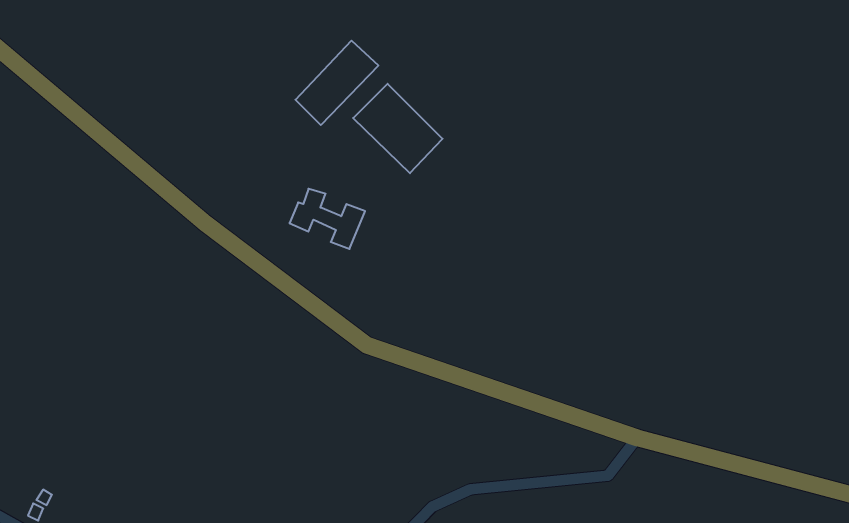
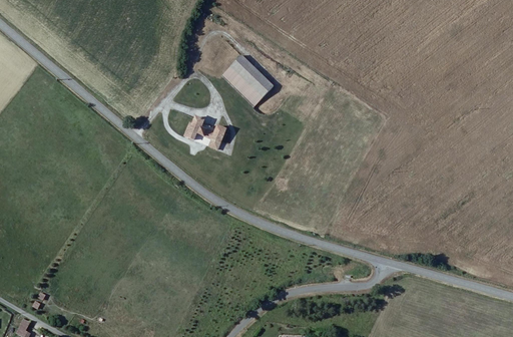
building: [295,41,378,125] -> none

